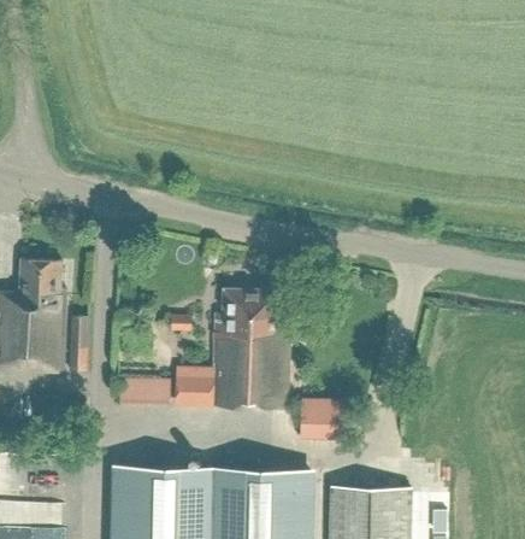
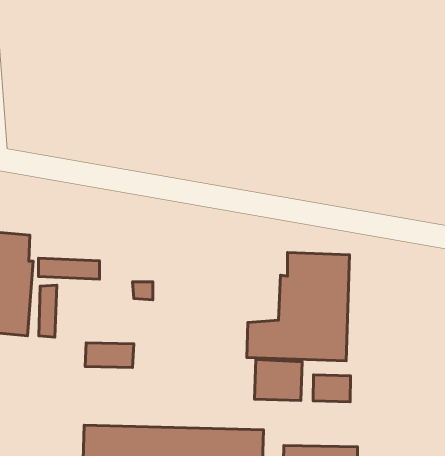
building: none -> [38,258,100,279]
building: [175,292,284,408] -> [247,252,350,361]
building: none -> [313,375,351,402]

